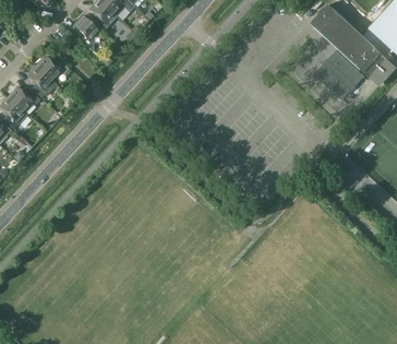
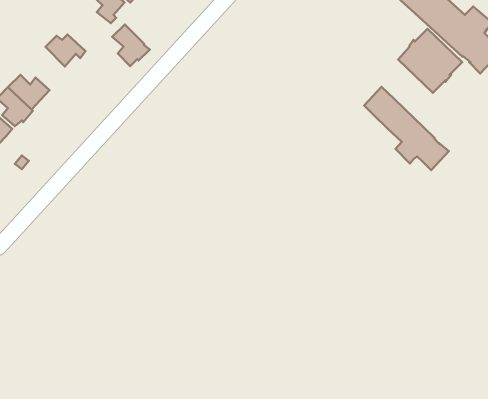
building: [27,64,57,97] -> [112,24,150,66]
building: none -> [364,87,449,170]

